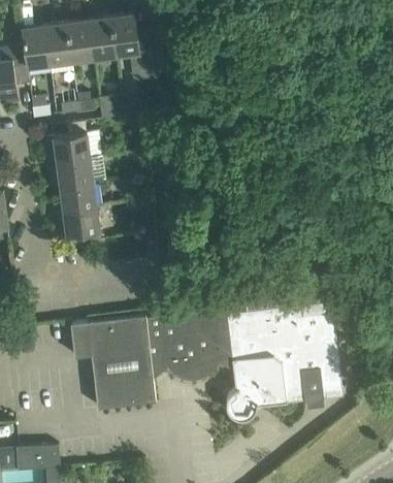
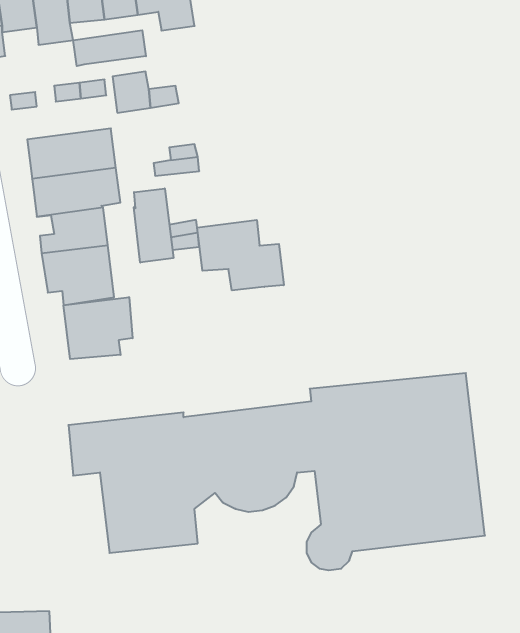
building: none -> [73,30,146,66]
building: none -> [134,188,173,263]
building: none -> [197,220,284,290]
building: none -> [64,297,133,359]

